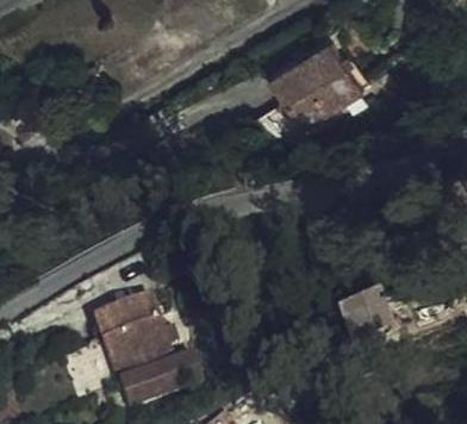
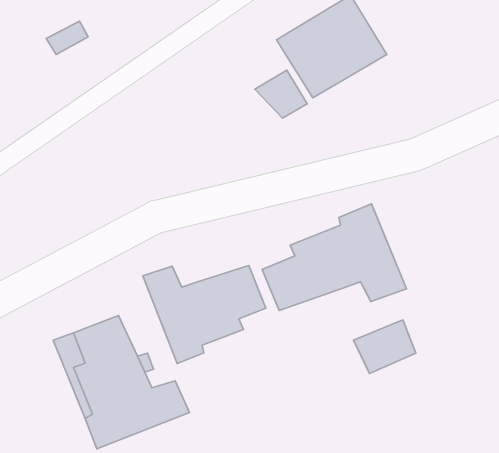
building: none -> [262,204,406,310]
building: none -> [143,266,266,364]

